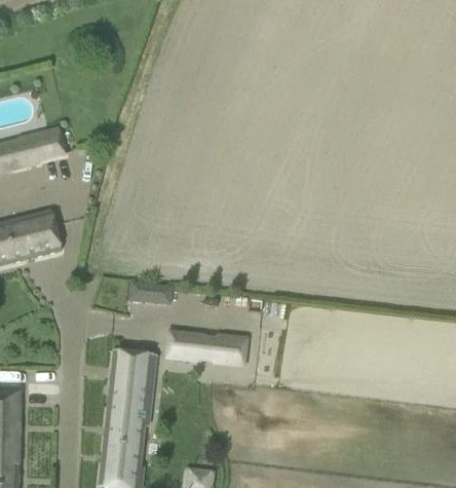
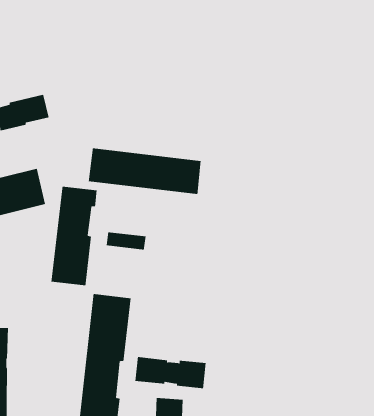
building: none -> [88,147,201,195]
building: none -> [51,186,97,286]
building: [167,330,248,366] -> [135,356,207,389]

